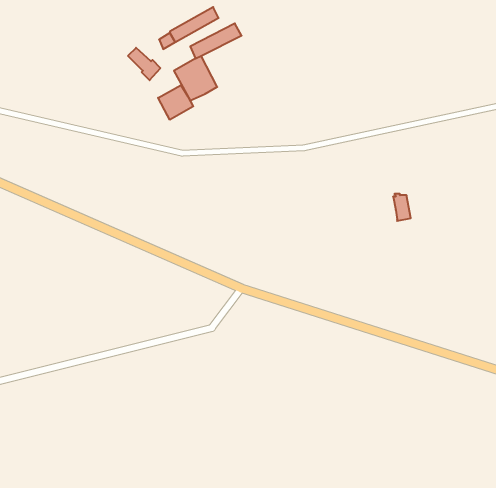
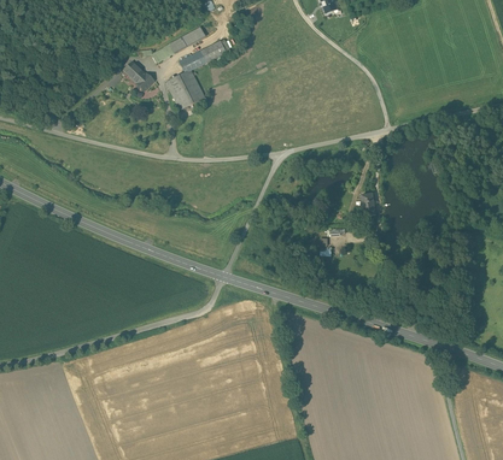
building: [158,85,193,120] -> none

